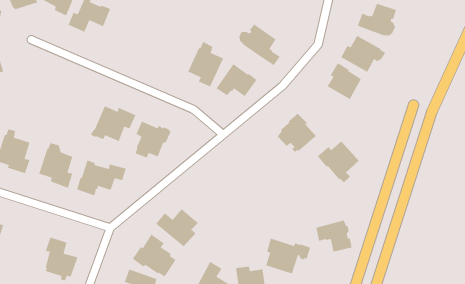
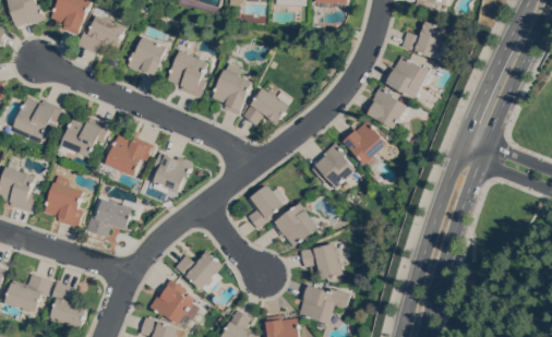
building: none -> [125,36,166,74]
building: [238,23,281,66] -> none
building: none -> [166,50,207,97]
building: none -> [13,96,62,143]
building: none -> [59,115,109,157]
building: [317,140,360,183] -> [339,120,387,168]
building: none -> [248,184,288,229]
building: none -> [272,203,319,246]
building: [315,219,352,253] -> [300,242,341,279]
building: none -> [5,274,52,312]

